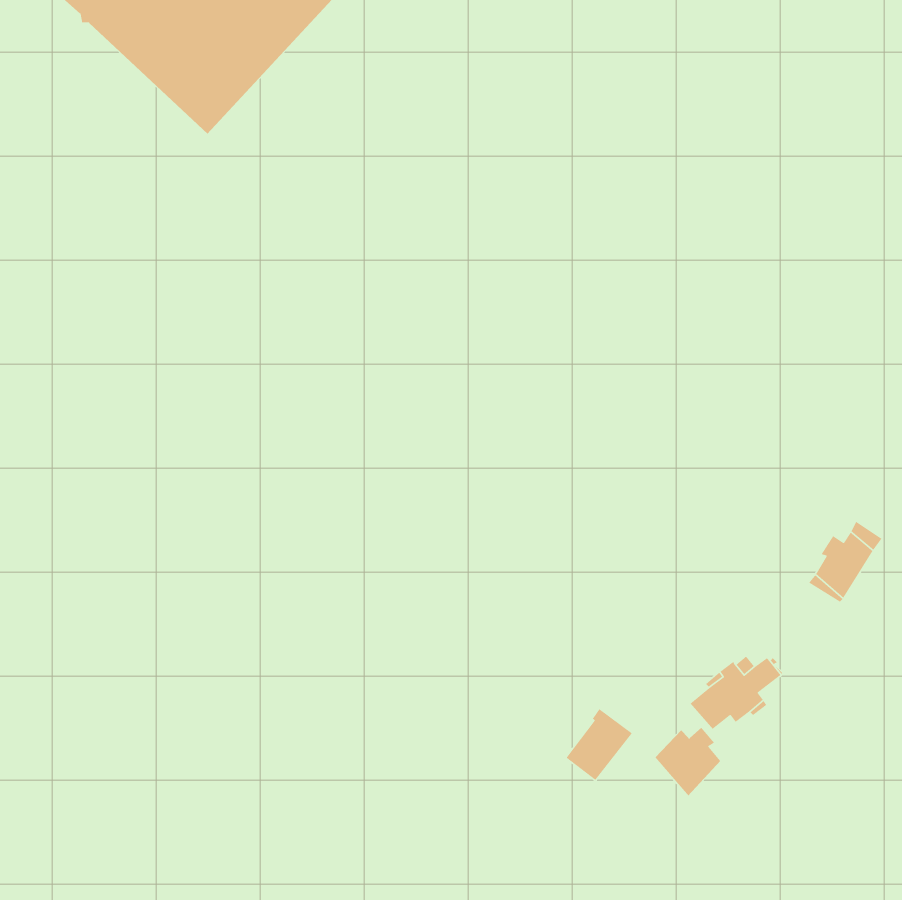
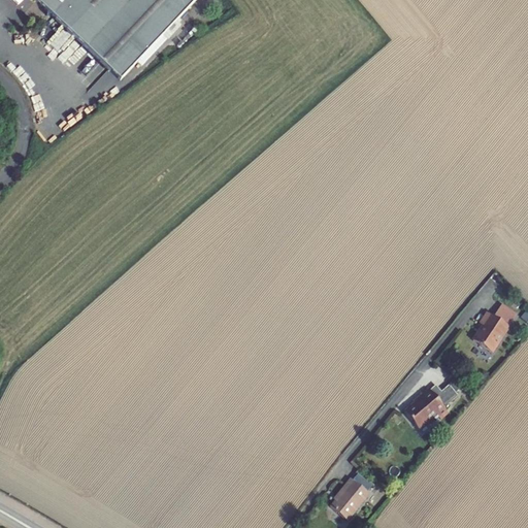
building: [565,708,633,781] -> [332,474,371,517]
building: [654,727,721,797] -> none

